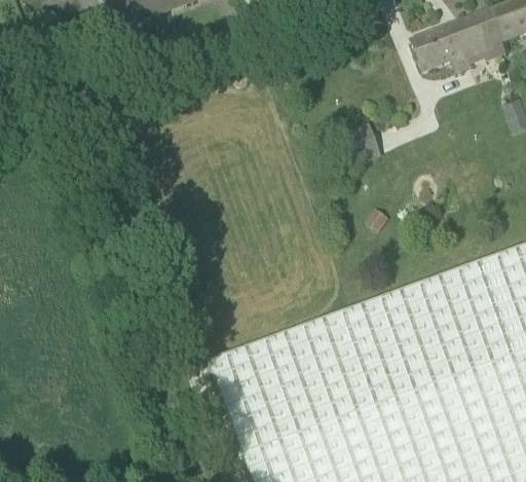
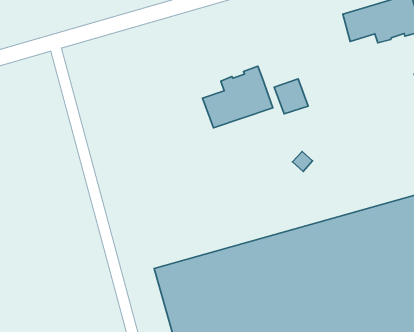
building: none -> [202,66,273,128]

